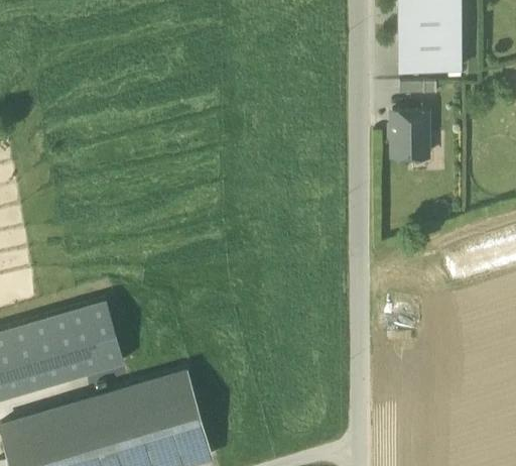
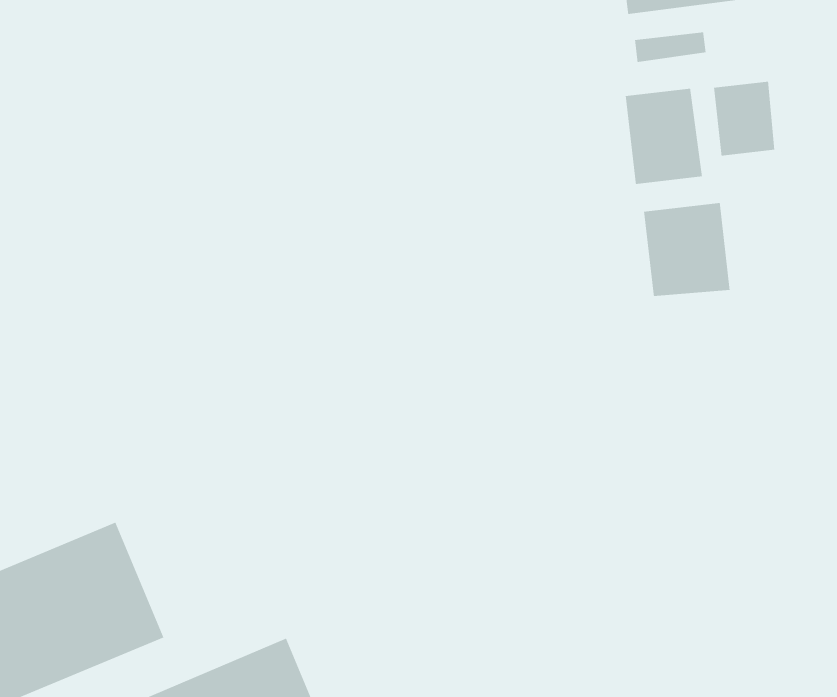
building: none -> [713,81,775,156]
building: none -> [643,202,731,297]

